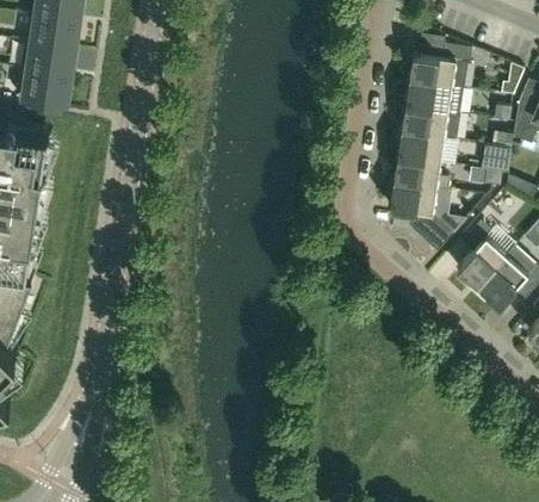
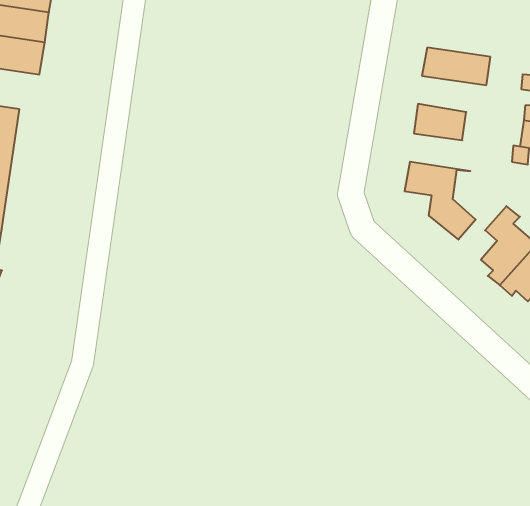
building: [410,43,472,88] -> none
building: [402,105,463,138] -> none
building: [395,156,450,190] -> none

